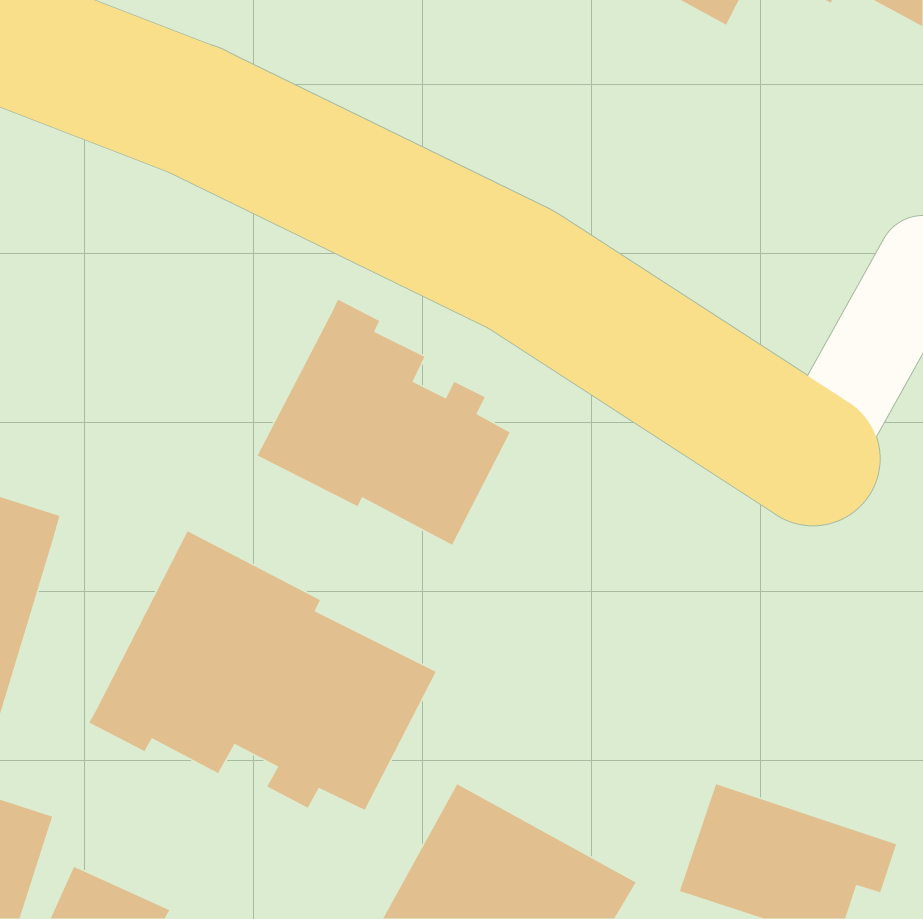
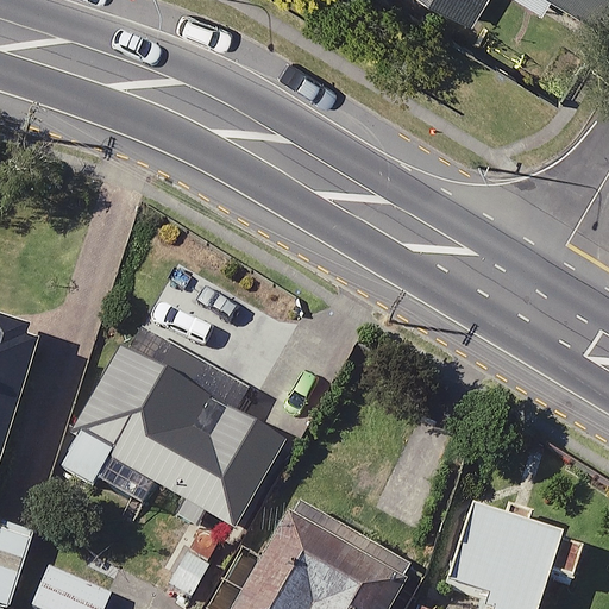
building: [257,299,511,546] -> none

